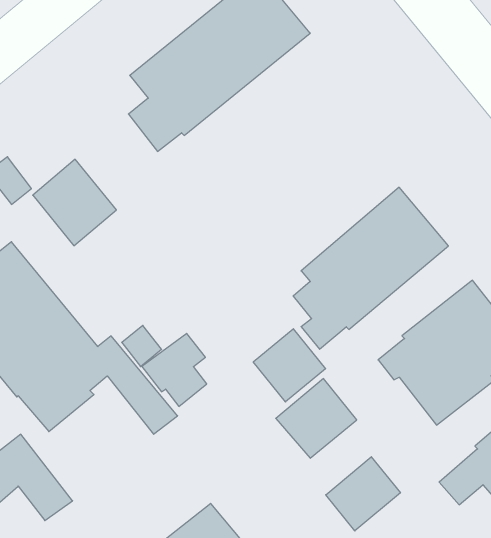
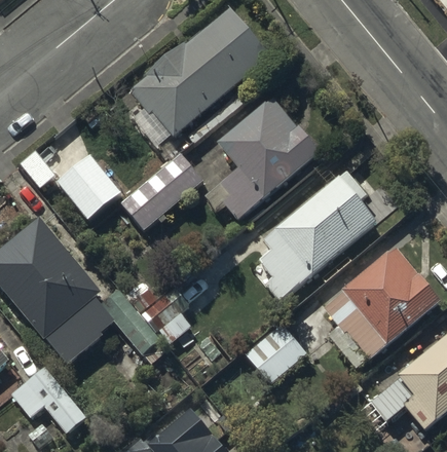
building: none -> [203,96,319,220]
building: none -> [121,153,201,229]
building: [253,329,326,402] -> none
building: [326,457,400,531] -> none

